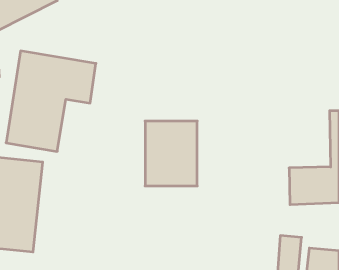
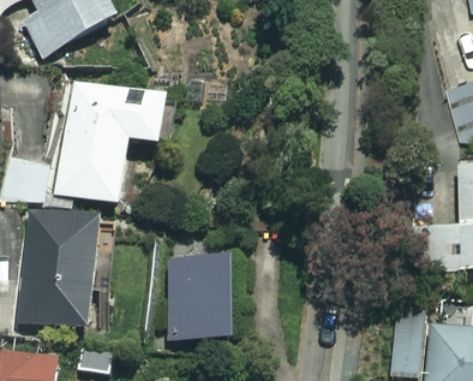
building: [145,121,197,186] -> [168,257,233,338]

